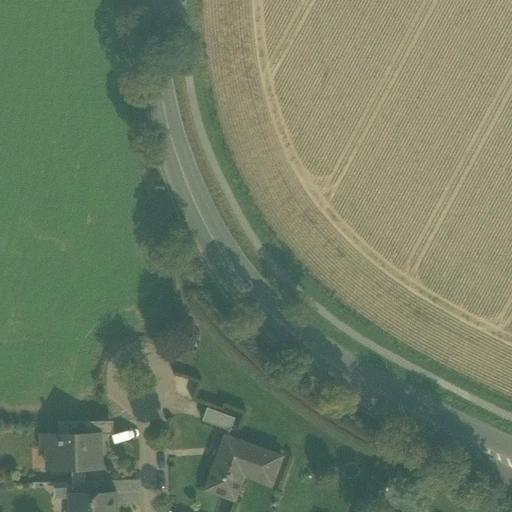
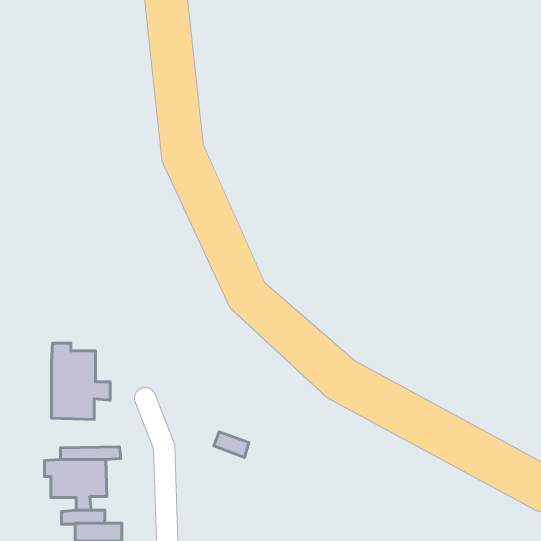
building: none -> [51,343,110,420]
building: [205,436,282,501] -> none

